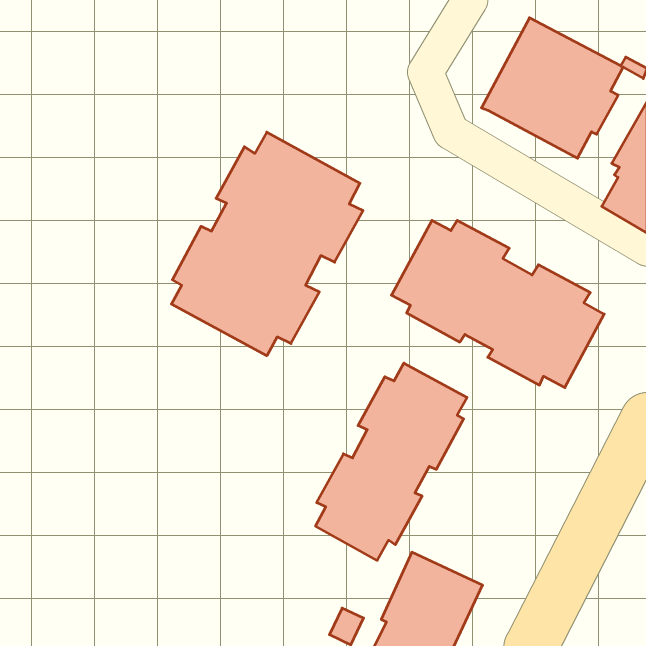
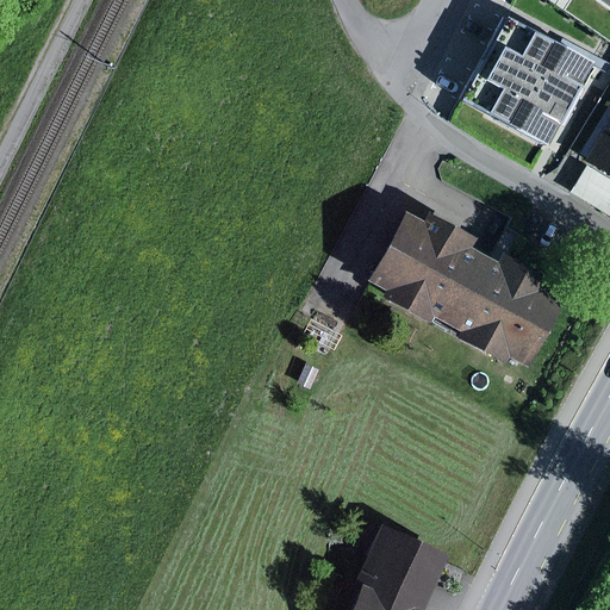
building: [171,132,363,356] -> none
building: [316,363,467,560] -> none

